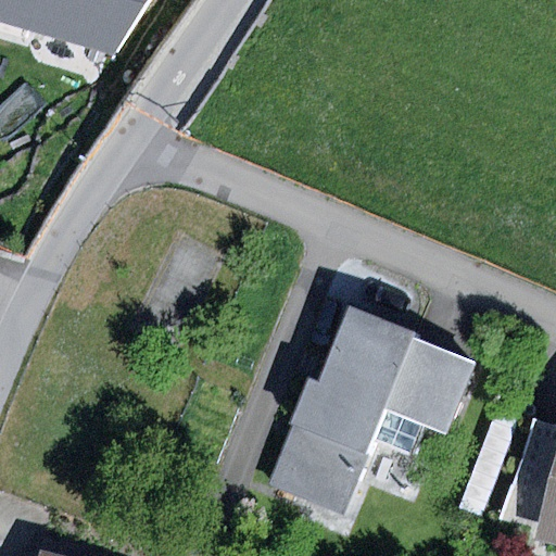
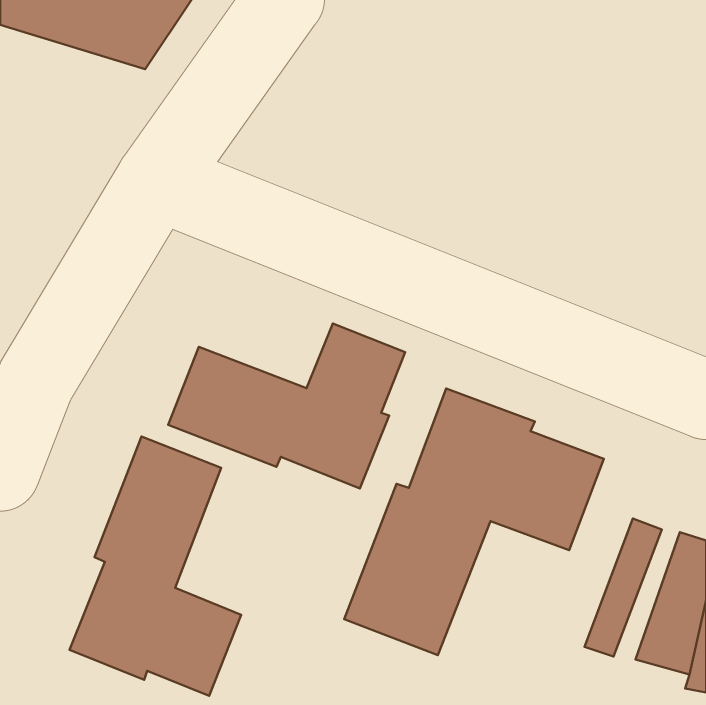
building: none -> [168,323,405,489]
building: none -> [70,436,241,696]

